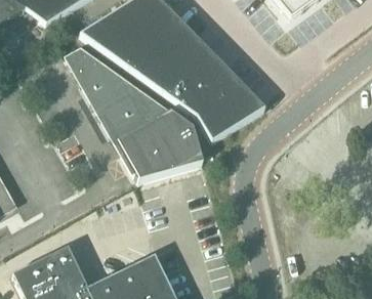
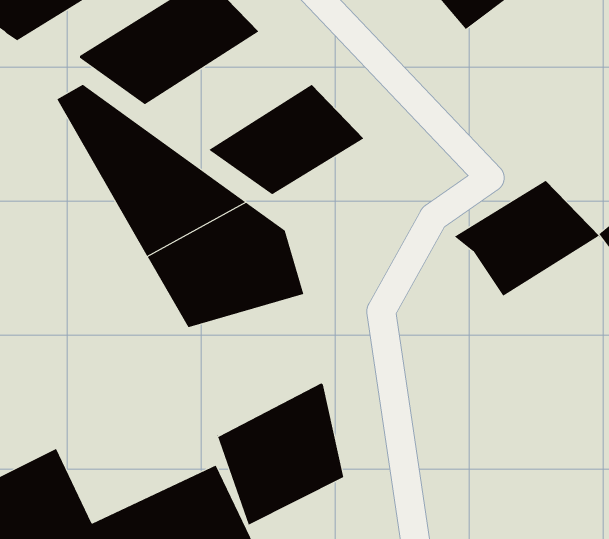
building: [116,17,207,82] -> none
building: [185,76,265,139] -> [454,180,600,297]
building: none -> [217,383,344,525]

